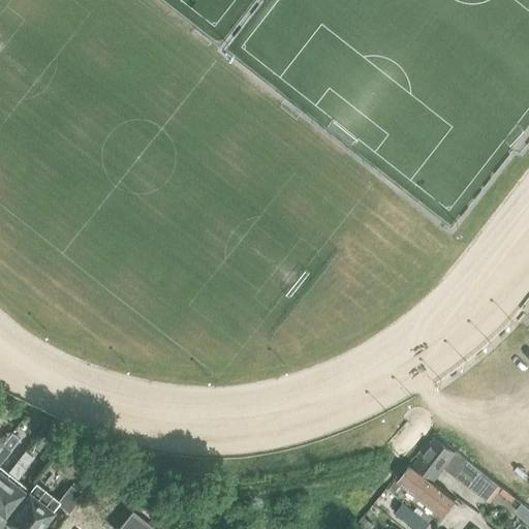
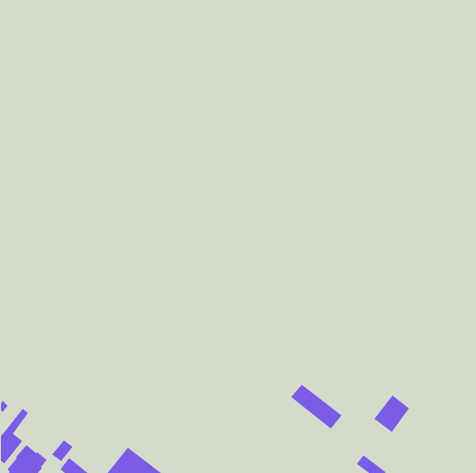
building: [456,466,498,504] -> none
building: [398,469,456,520] -> [290,384,342,430]

